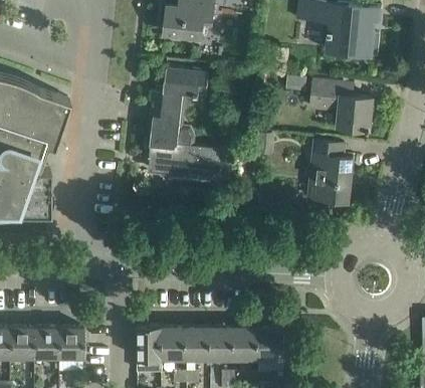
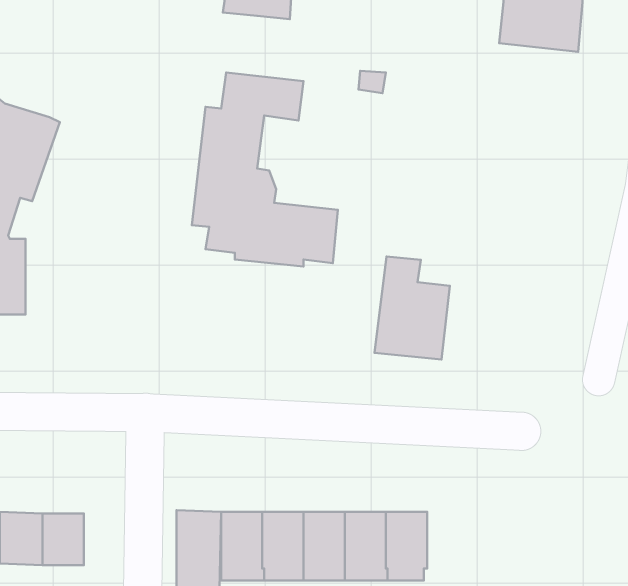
building: [311,79,372,130] -> none
building: [307,141,352,201] -> [374,257,450,360]

